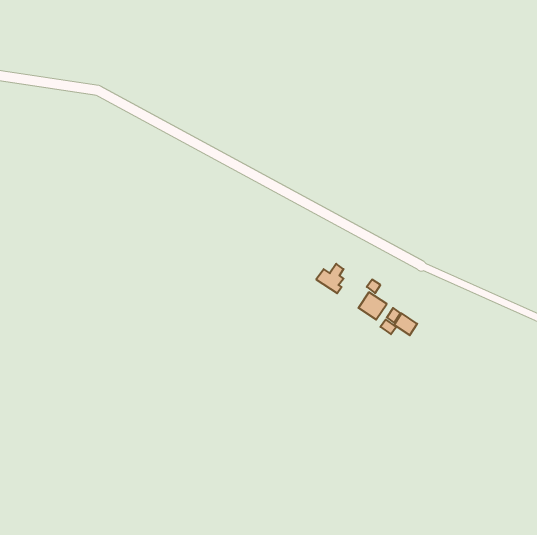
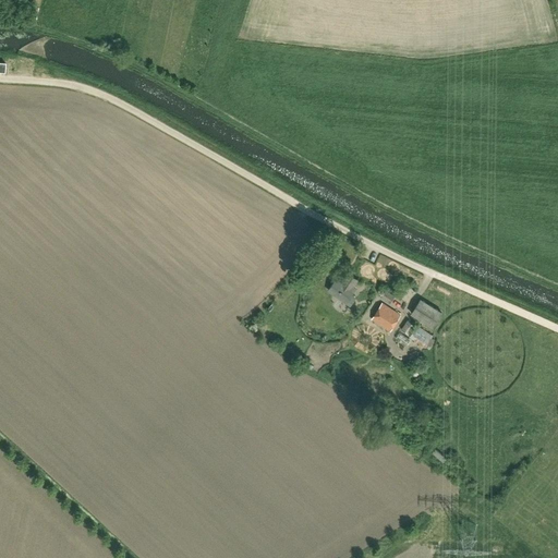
building: none -> [410,300,442,329]

